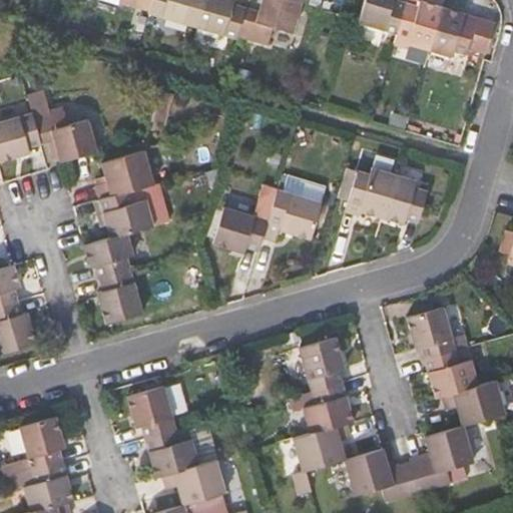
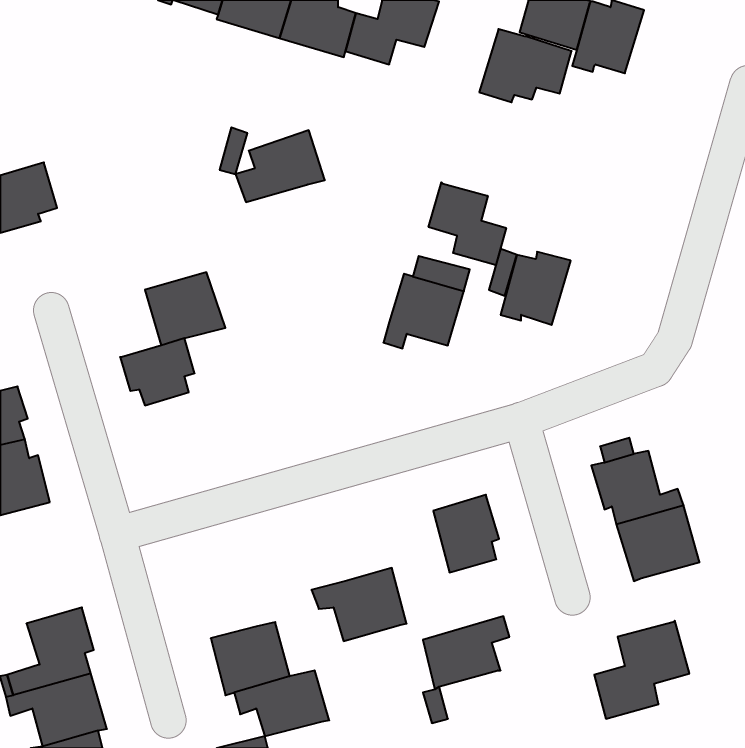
building: [430,7,493,57] -> [479,29,572,102]
building: [28,93,98,160] -> none
building: none -> [429,182,506,265]
building: [94,149,155,198] -> [236,130,325,202]
building: [380,178,425,228] -> none
building: [213,207,269,248] -> none
building: [99,269,144,322] -> none
building: [441,380,506,426] -> none
building: [287,383,352,433] -> [311,568,407,641]
building: [130,386,177,437] -> none
building: [343,448,417,501] -> none

